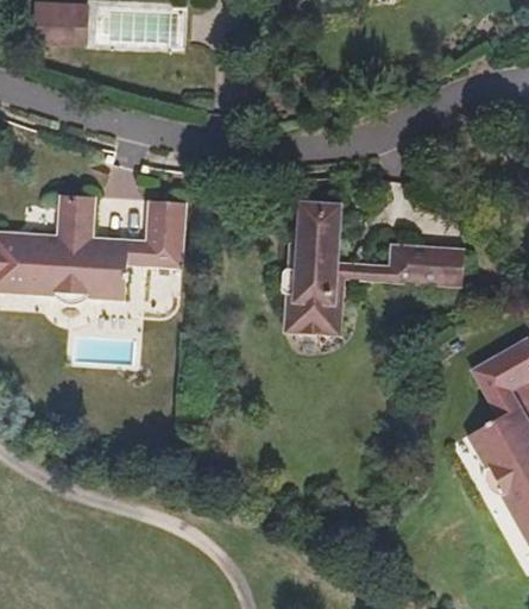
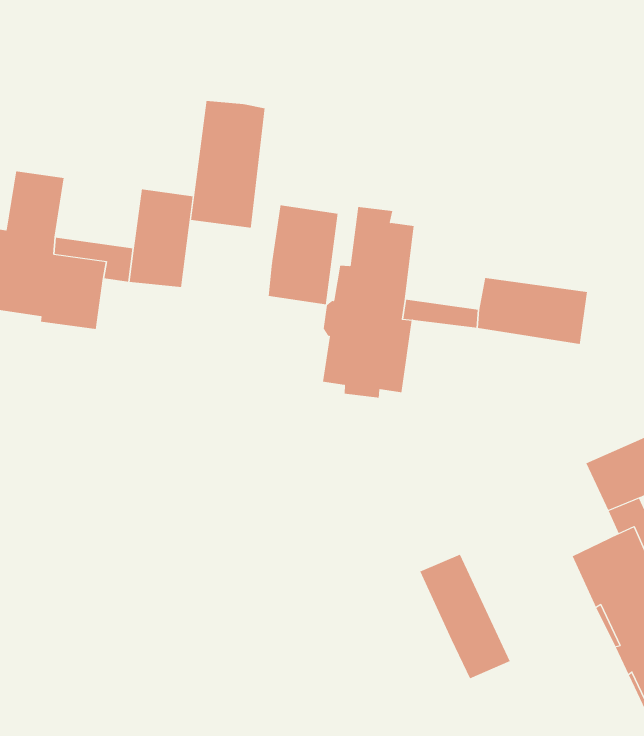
building: none -> [190,100,265,229]
building: none -> [268,204,338,305]
building: none -> [420,554,511,679]

